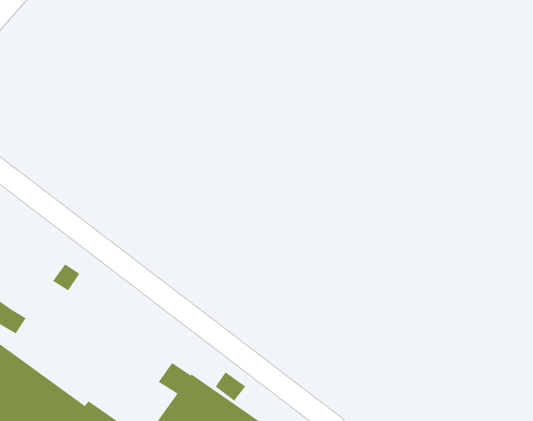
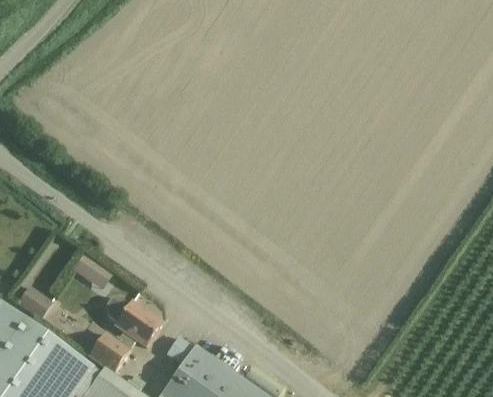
building: none -> [91,302,162,374]

